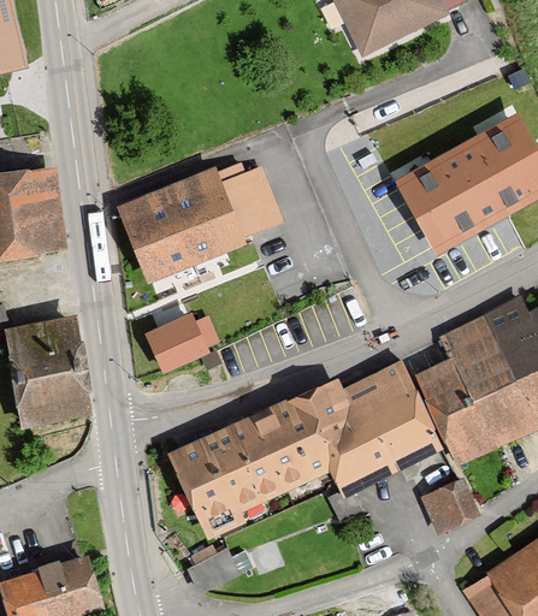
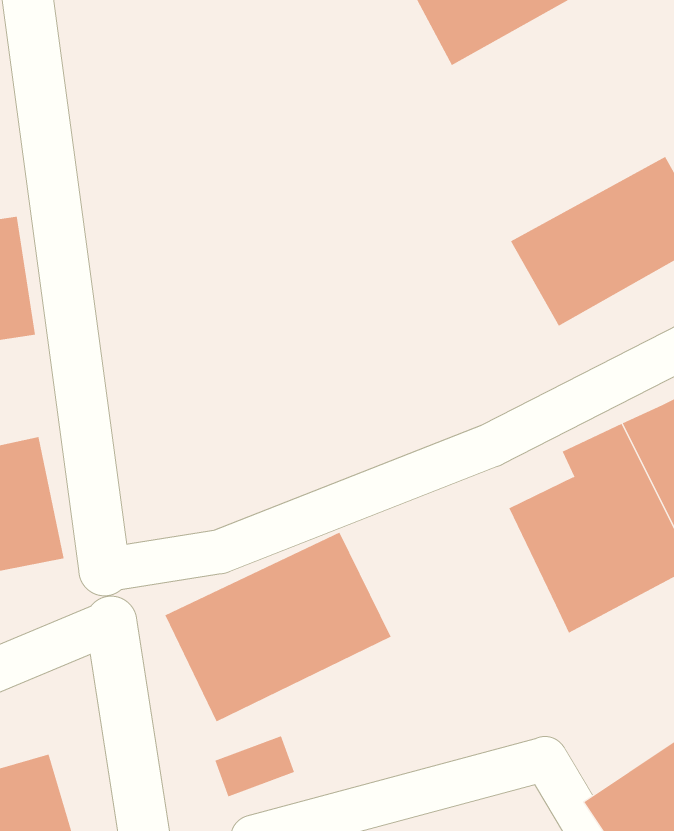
building: [118,164,289,285] -> none
building: [138,308,207,373] -> none
building: [286,360,442,498] -> none
building: [422,481,477,533] -> none

